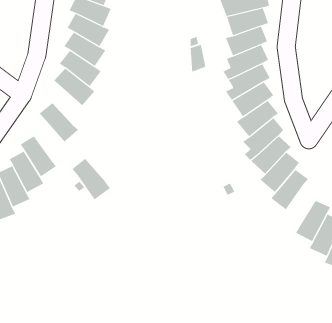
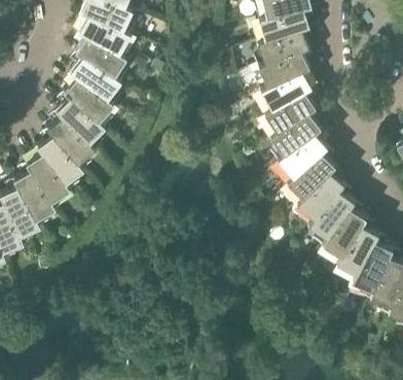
building: none -> [57,99,103,144]
building: [72,158,111,200] -> [37,137,81,184]
building: none -> [323,211,364,258]

